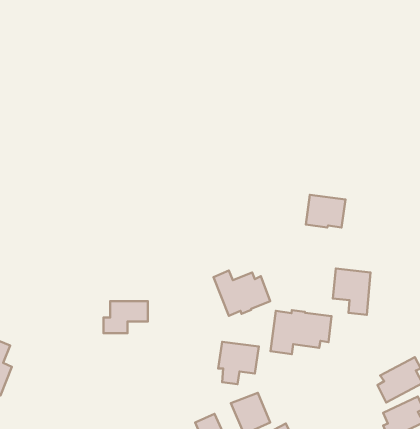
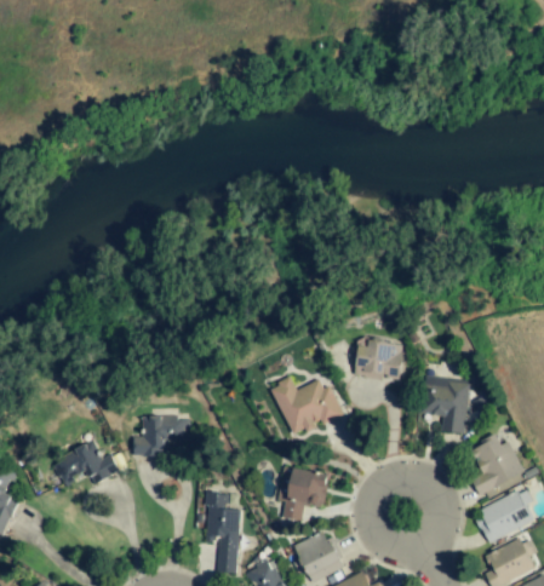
building: [306,195,345,227] -> [355,338,405,379]
building: [270,310,331,354] -> none
building: none -> [470,435,526,495]
building: none -> [53,442,120,484]
building: none -> [206,493,241,570]

